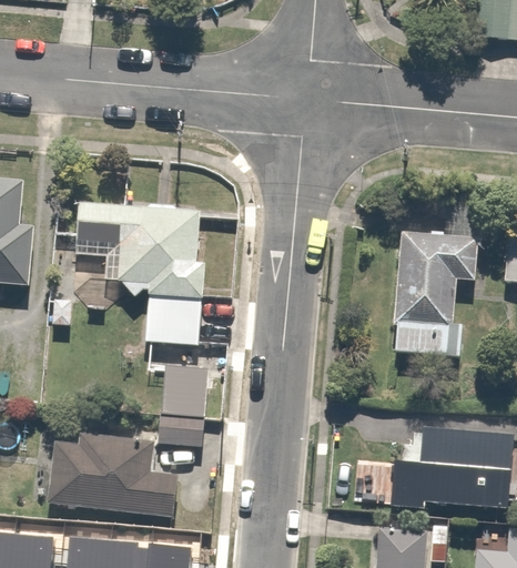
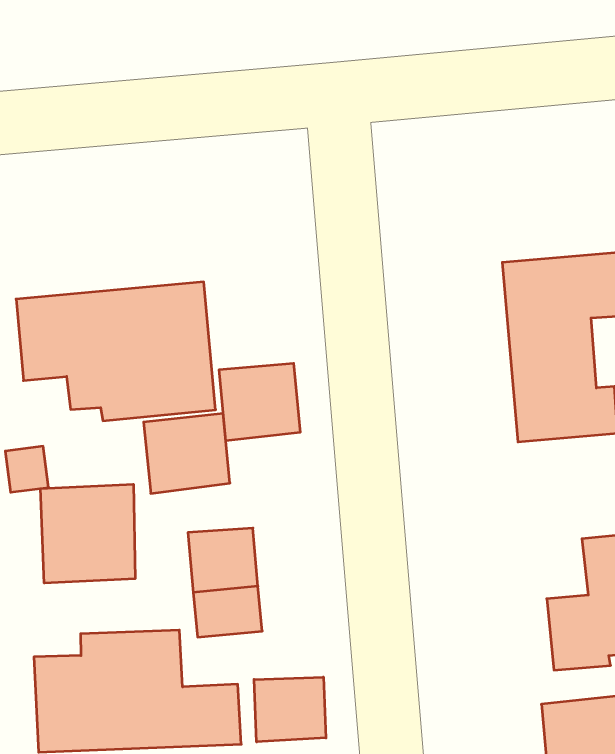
building: none -> [219,363,300,441]
building: none -> [40,484,135,583]
building: none -> [254,677,326,742]

